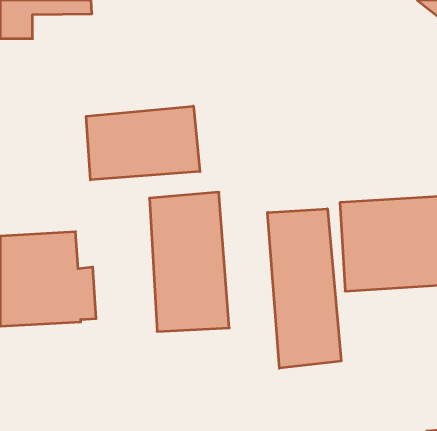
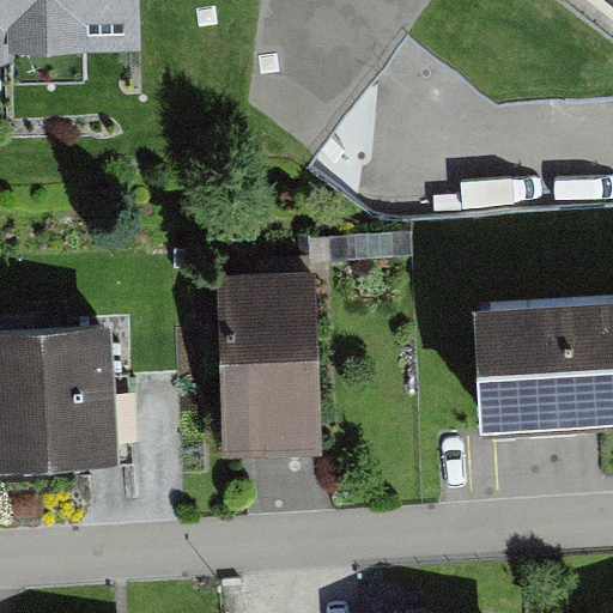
building: [86,106,200,180] -> none
building: [268,209,341,368] -> none

